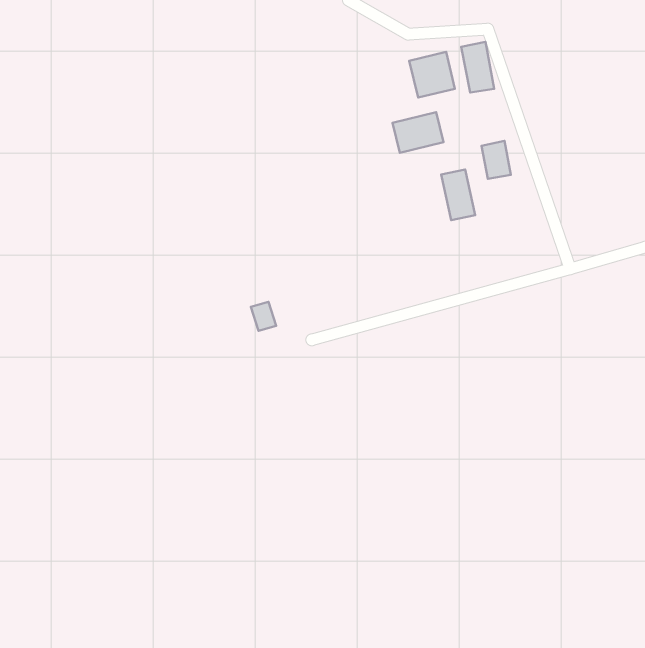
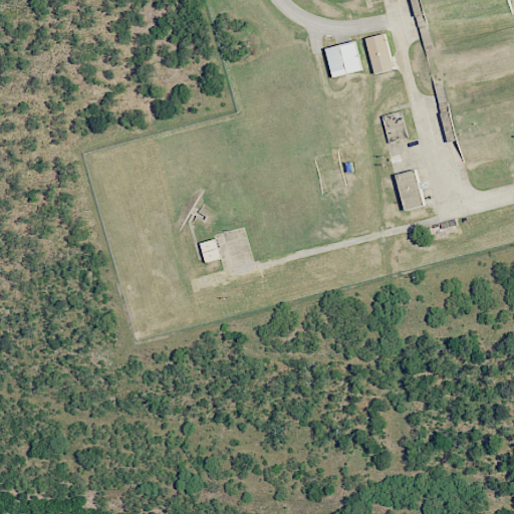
building: [393,112,443,153] -> none
building: [441,169,475,220] -> [396,170,423,210]

